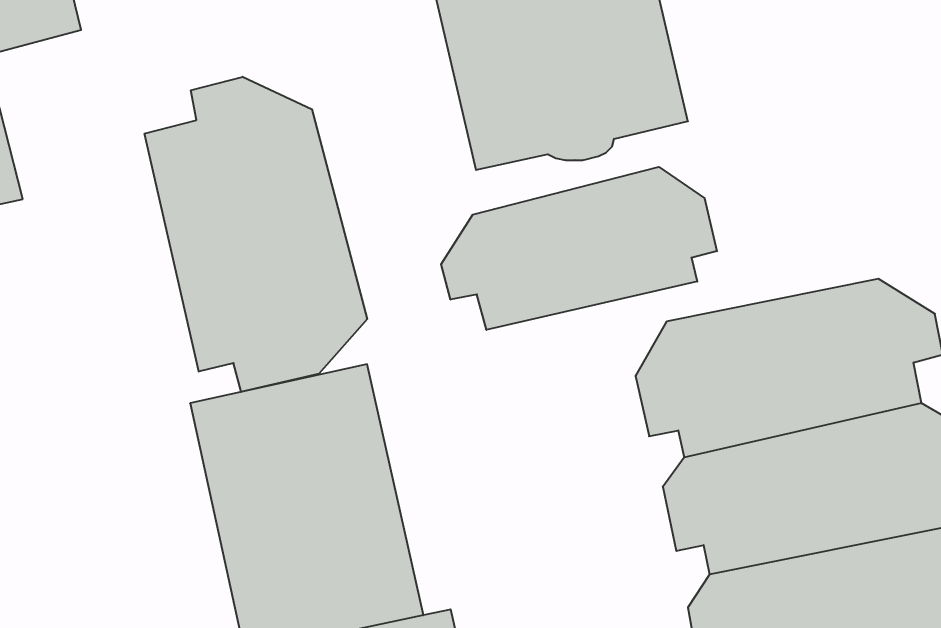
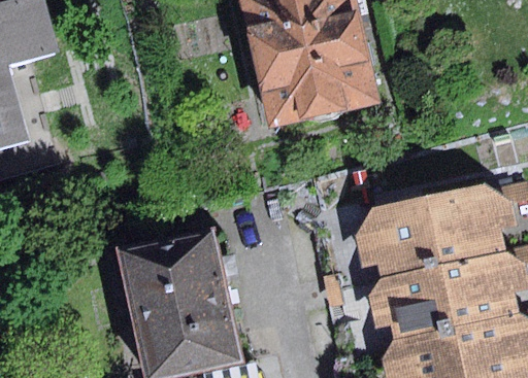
building: [145,77,367,392] -> none
building: [441,167,717,330] -> none

